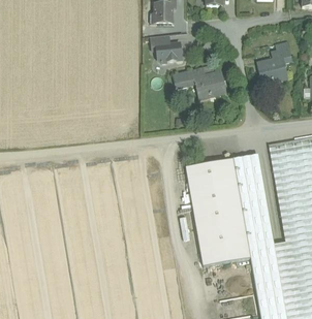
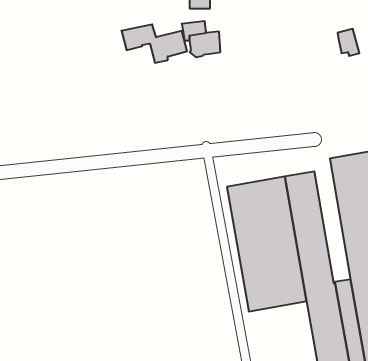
building: [257,58,288,84] -> none
building: [173,67,225,98] -> [121,24,187,63]

